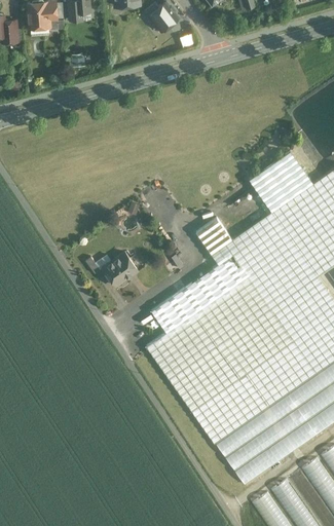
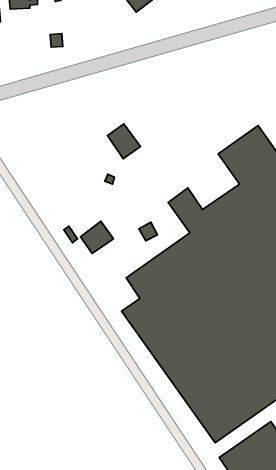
building: none -> [107,124,141,159]

